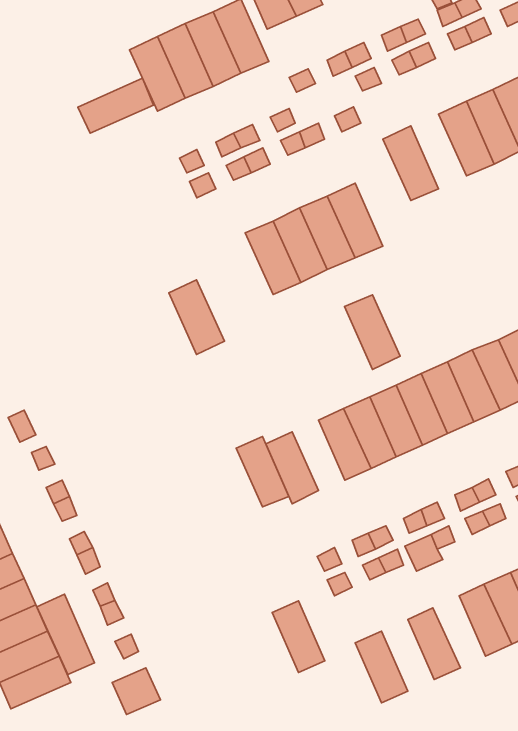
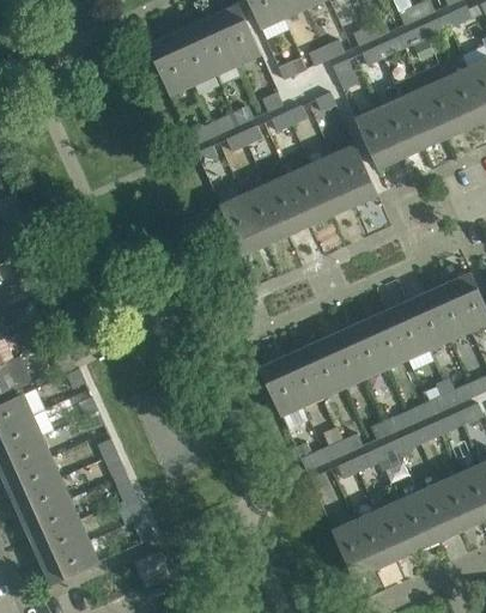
building: [78,78,154,133] -> none
building: none -> [377,97,423,158]
building: [169,280,224,354] -> [219,194,265,255]
building: [345,295,400,369] -> [332,144,377,205]
building: [236,436,289,507] -> [280,347,323,405]
building: [37,594,95,674] -> none
building: none -> [395,491,438,550]
building: [272,601,325,673] -> [353,510,396,569]

